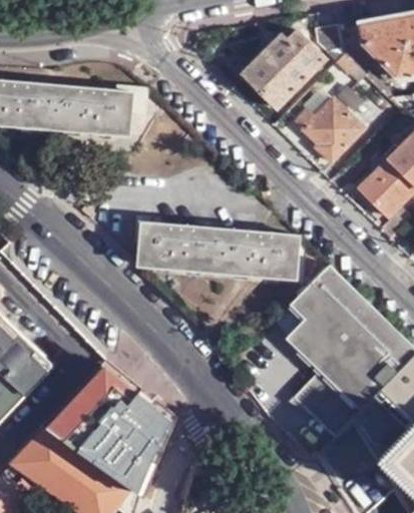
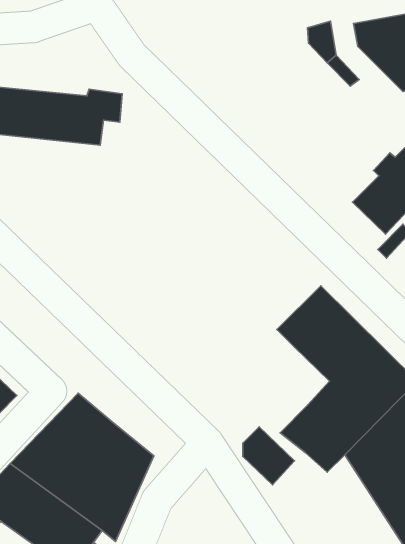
building: [243,31,325,108] -> none
building: [295,98,364,162] -> none
building: [134,216,299,281] -> none
building: [290,321,337,374] -> [243,427,294,485]

